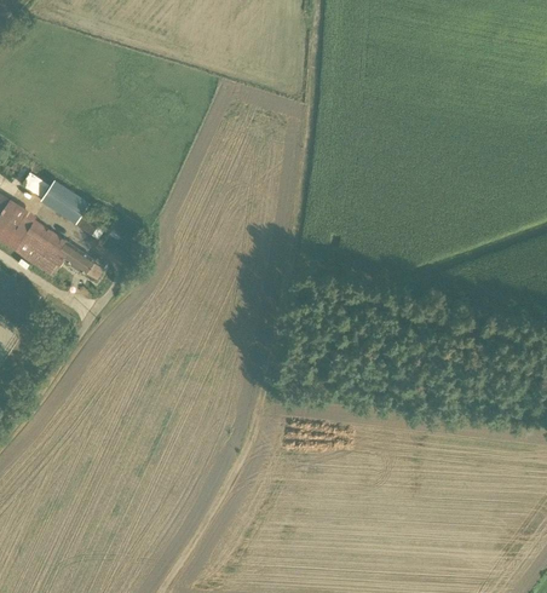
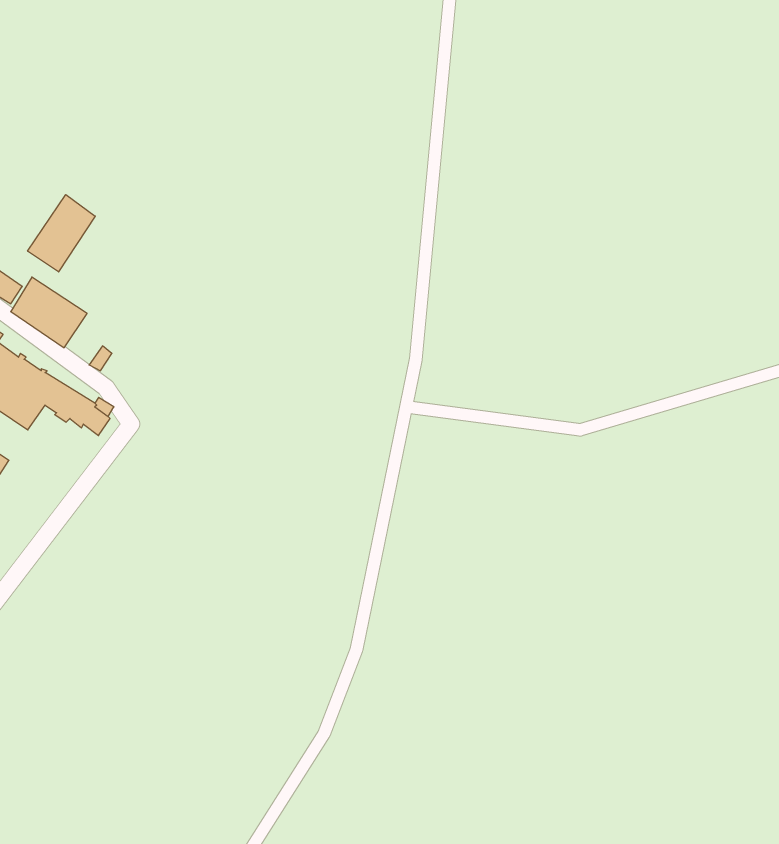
building: none -> [28,195,95,272]

